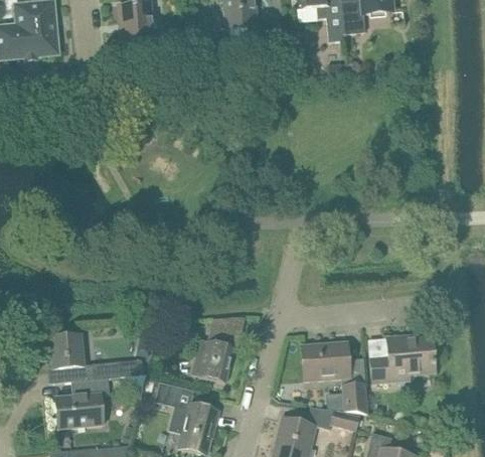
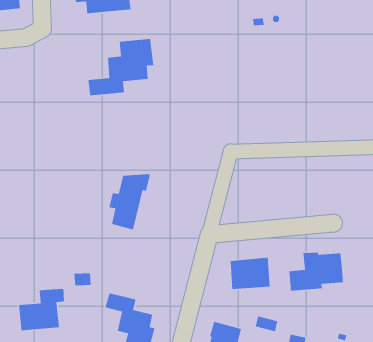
building: none -> [88,38,155,96]
building: [196,316,246,383] -> [109,173,151,230]
building: [49,333,94,382] -> none
building: [342,382,367,413] -> none

